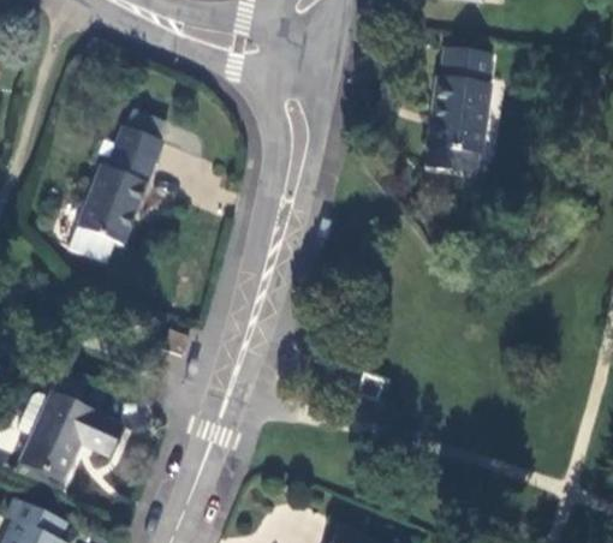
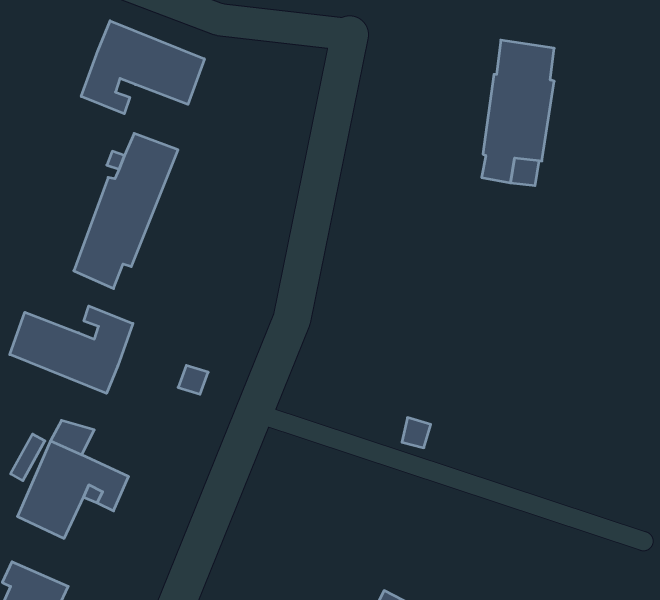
building: none -> [81,21,204,114]
building: none -> [10,306,133,393]

